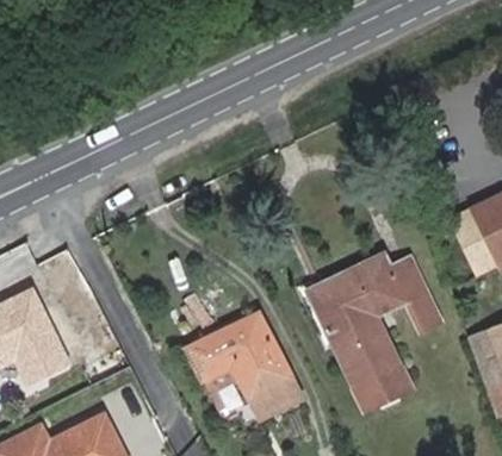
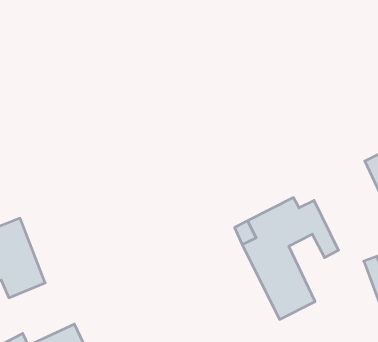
building: [182,313,303,421] -> none

